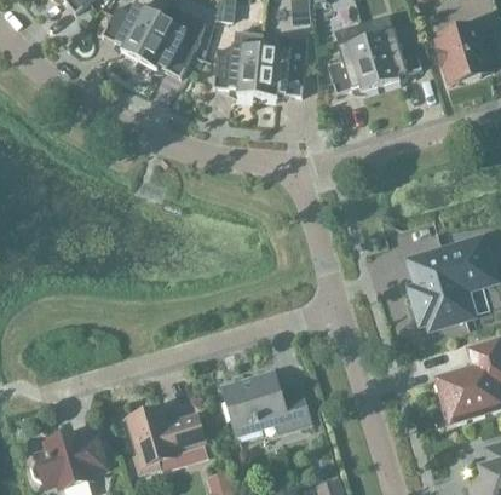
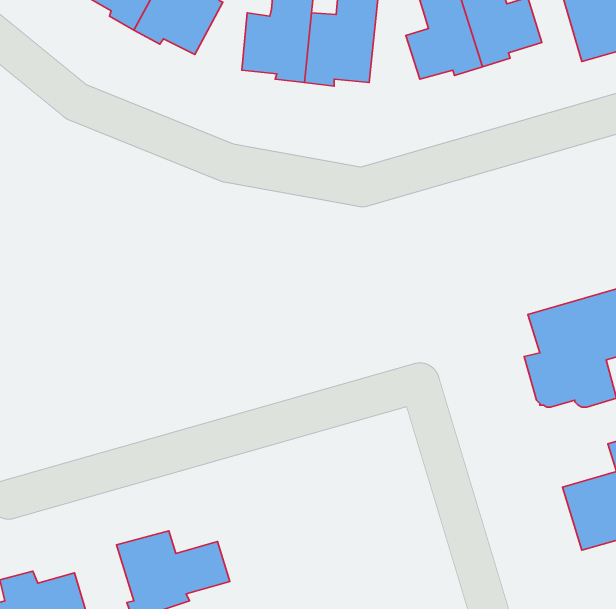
building: [223,373,310,441] -> none

